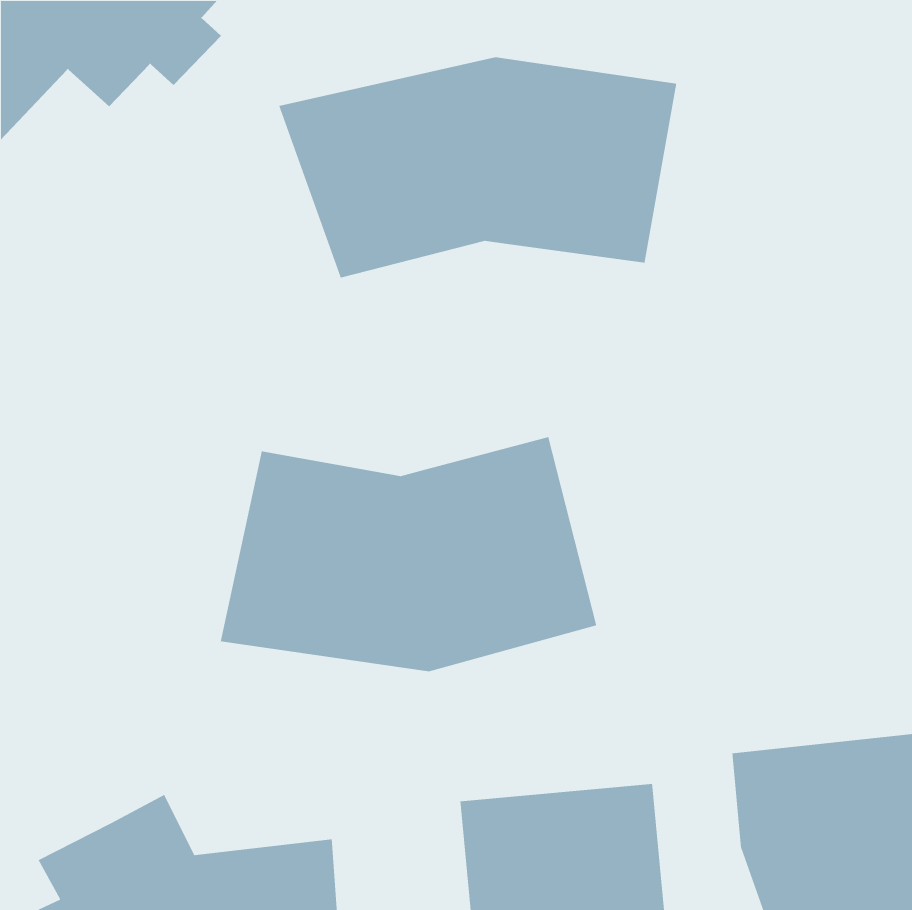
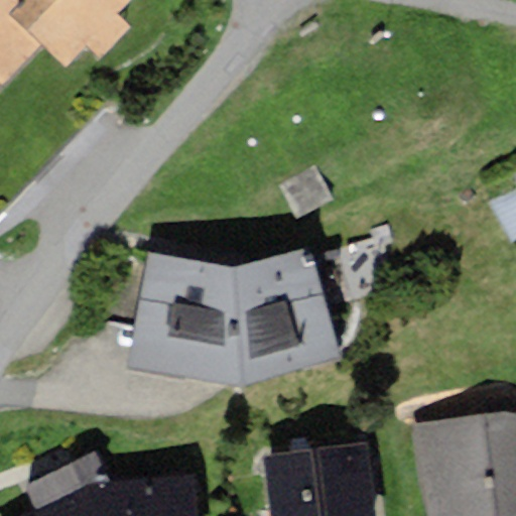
building: [278,57,677,279] -> none

